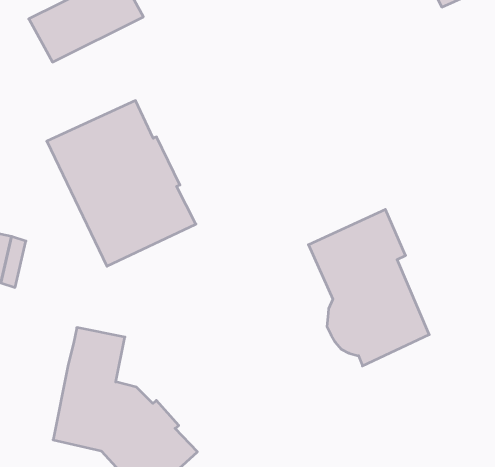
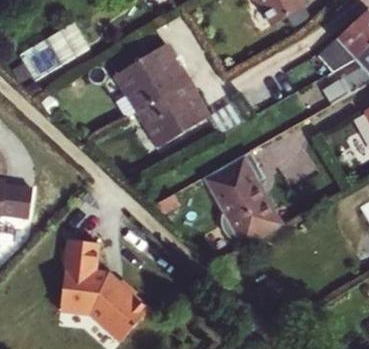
building: [47,101,196,266] -> [114,45,210,148]

